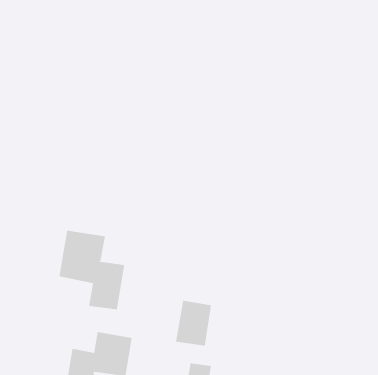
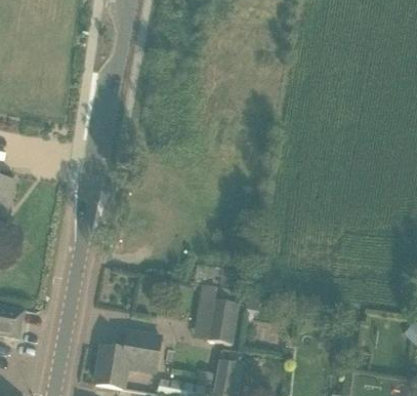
building: [59,230,125,310] -> none

